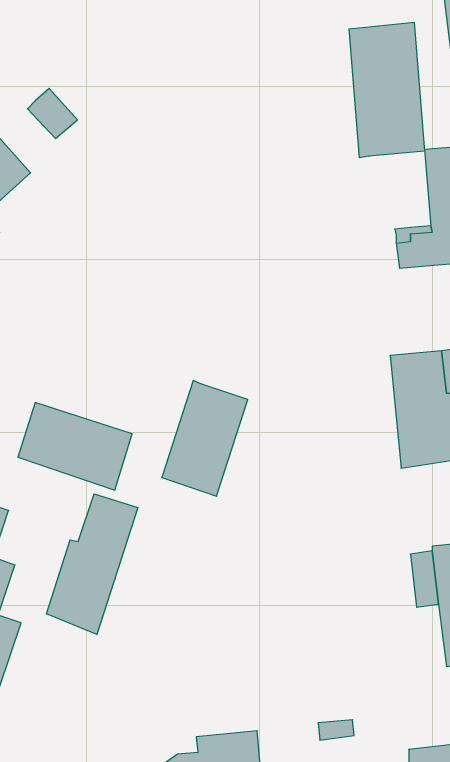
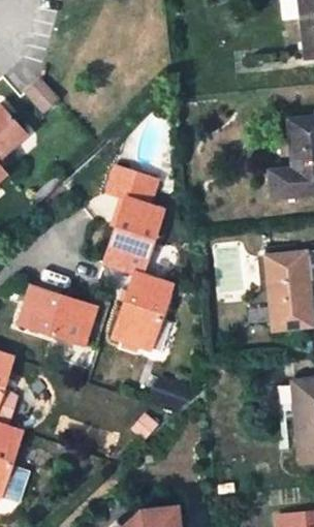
building: [349,22,425,158] -> none
building: none -> [104,166,162,274]
building: [46,494,138,635] -> none

